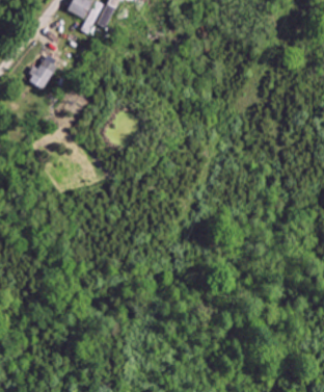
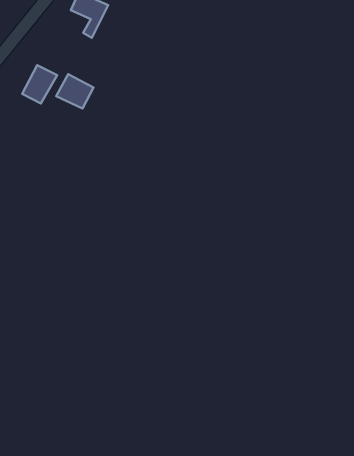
building: none -> [56,74,93,109]

